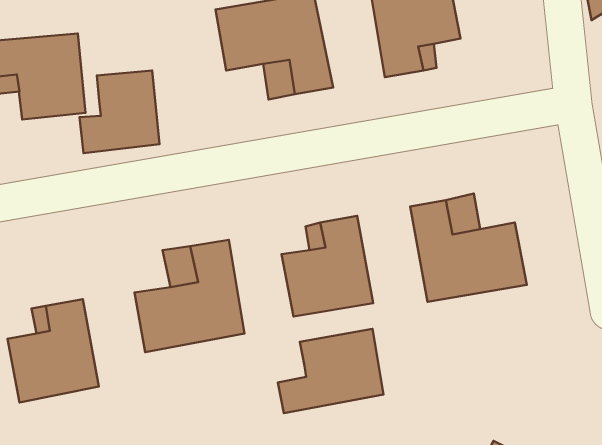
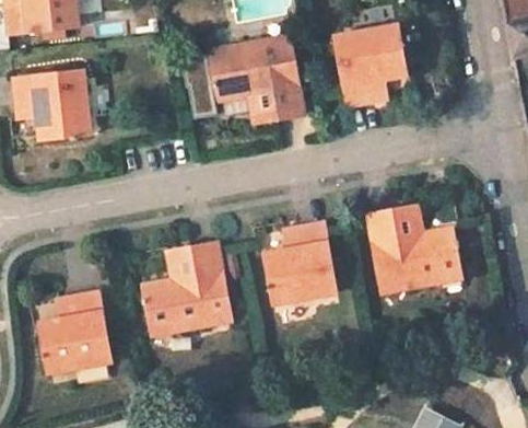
building: [80,70,160,153] -> none
building: [278,329,383,413] -> none

